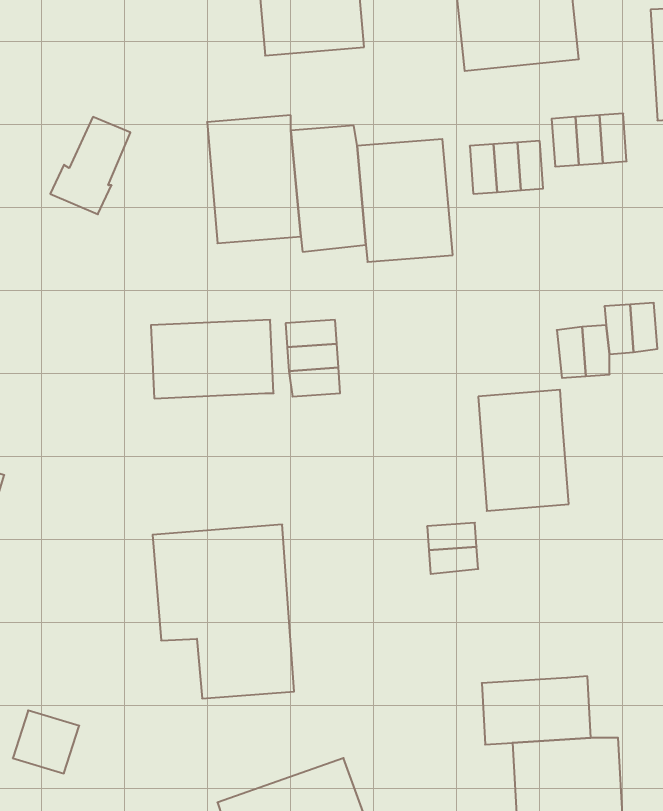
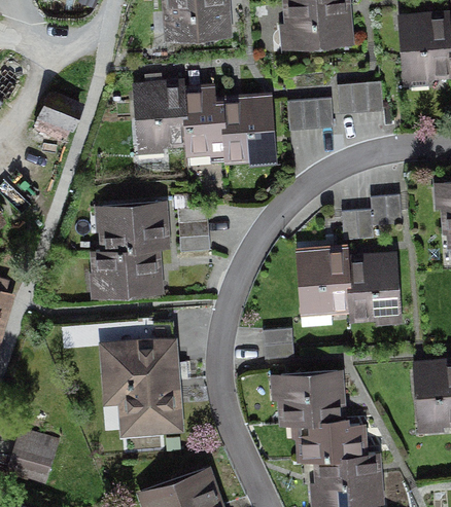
building: none -> [90,248,167,295]
building: none -> [345,258,397,325]
building: none -> [272,374,348,423]

